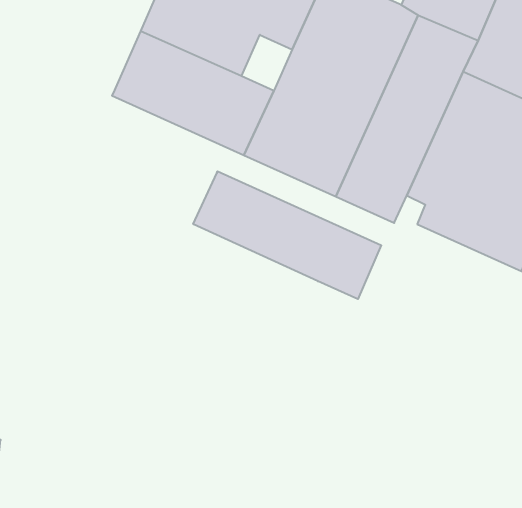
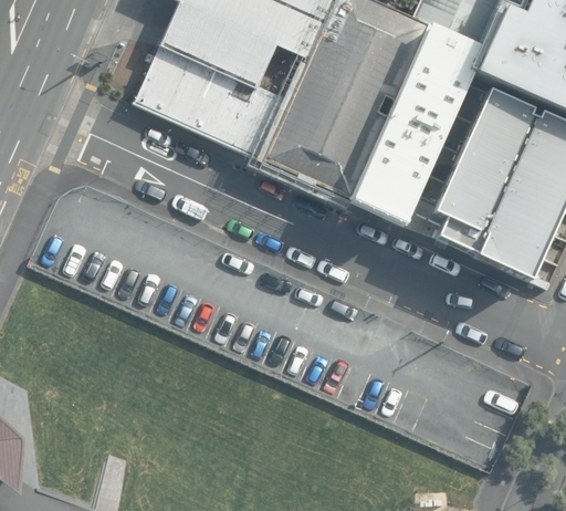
building: [193,171,381,299] -> none

